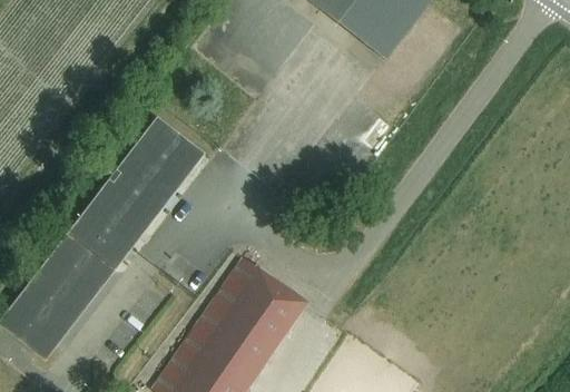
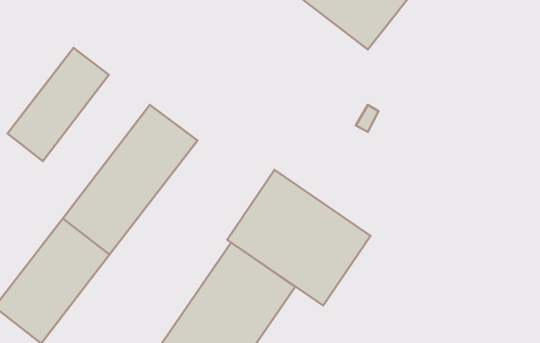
building: none -> [7,48,109,161]
building: none -> [227,170,371,306]

